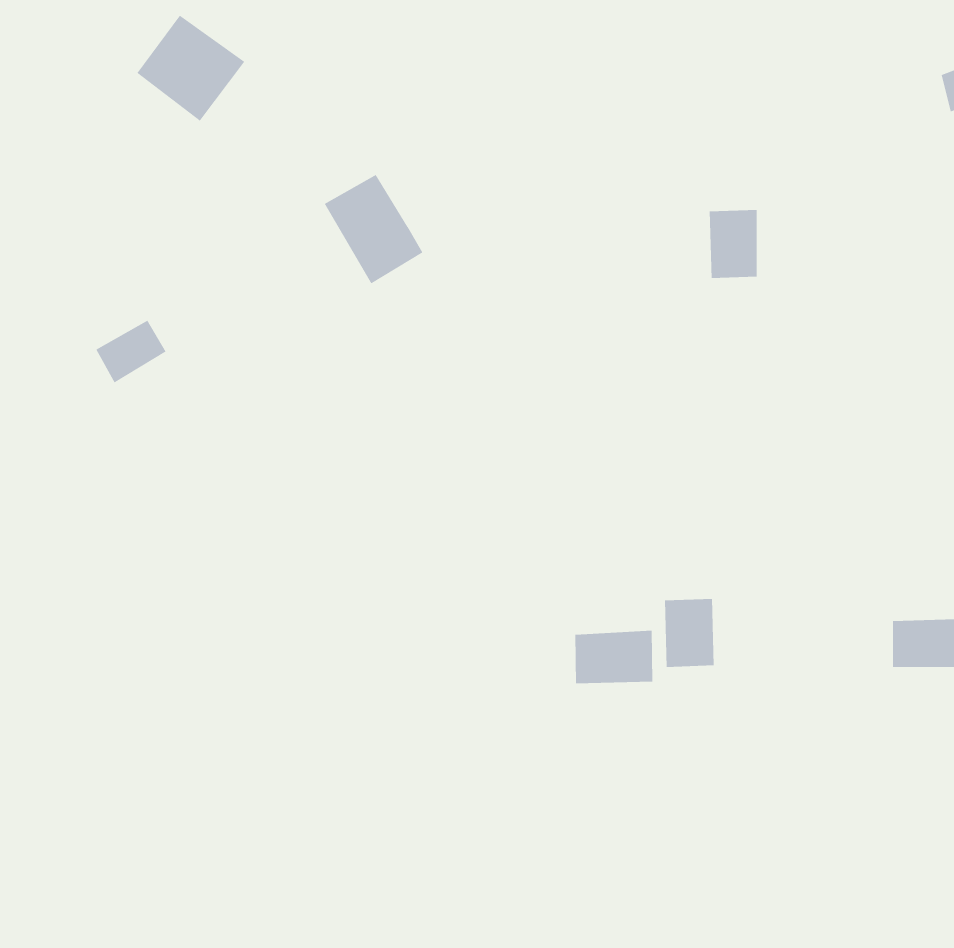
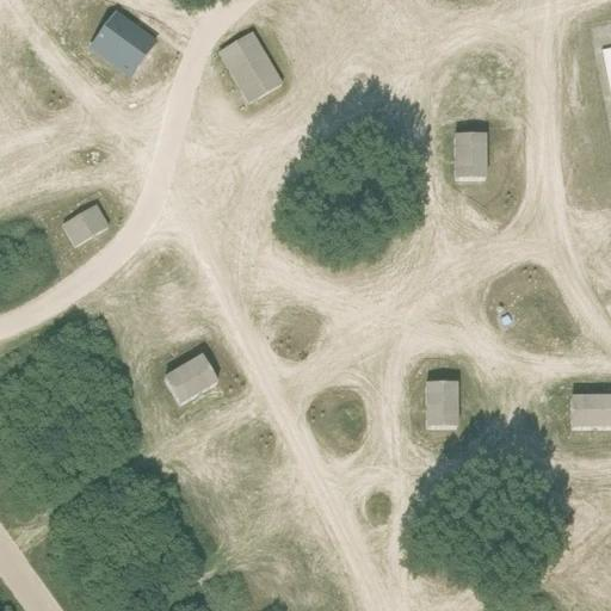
building: [324,174,423,284] -> [218,31,282,101]
building: none -> [163,354,216,403]
building: [575,630,653,684] -> none

